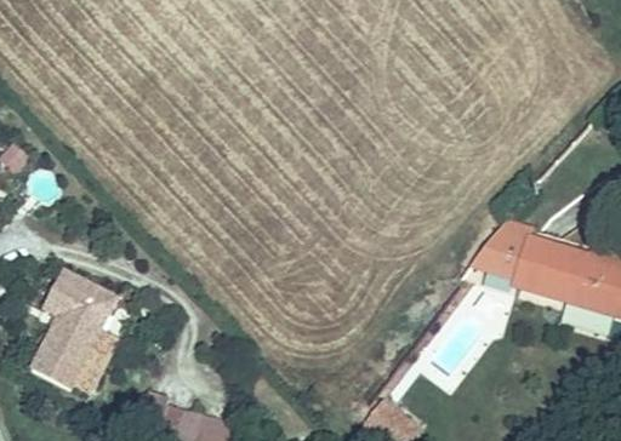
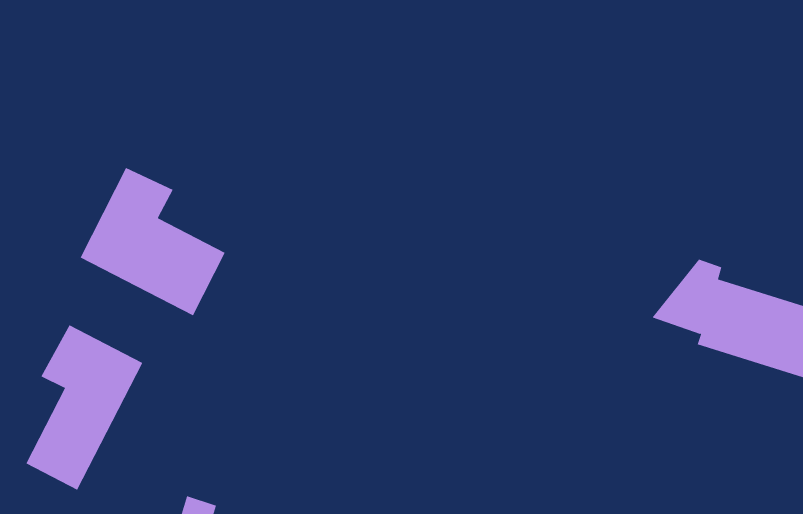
building: none -> [80,167,226,316]

